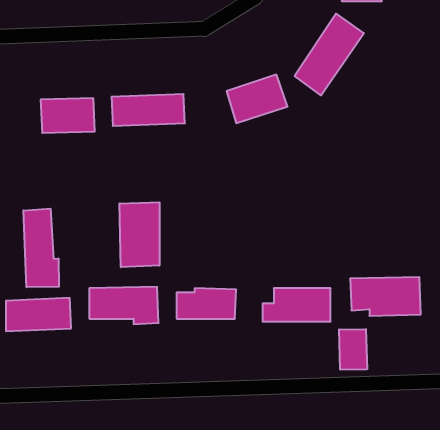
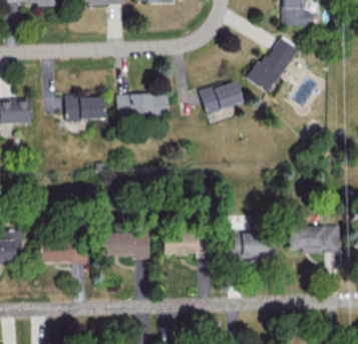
building: [120,202,159,267] -> none
building: [23,209,59,287] -> none
building: [339,329,367,370] -> none

